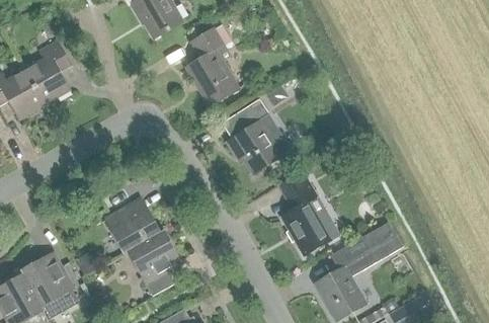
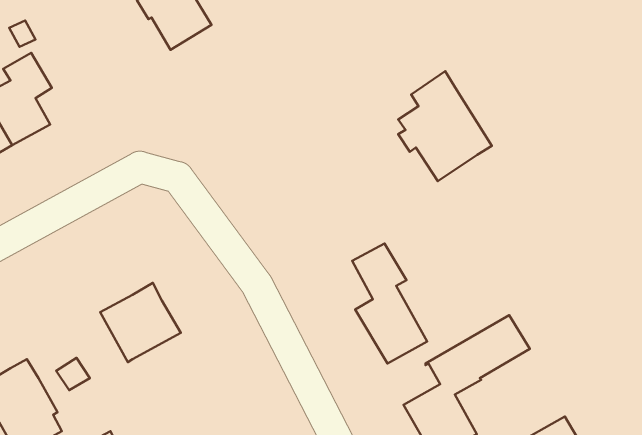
building: [186,27,239,105] -> none
building: [227,97,292,173] -> [398,71,492,181]
building: [128,231,182,296] -> none

